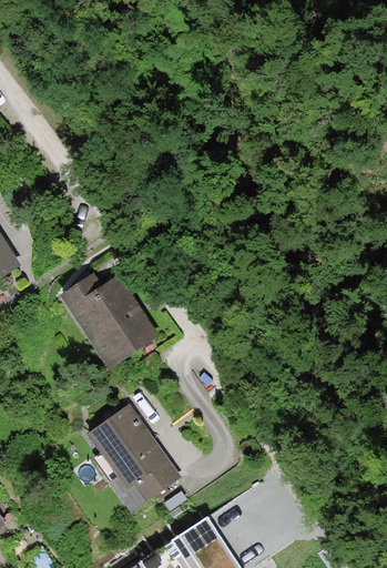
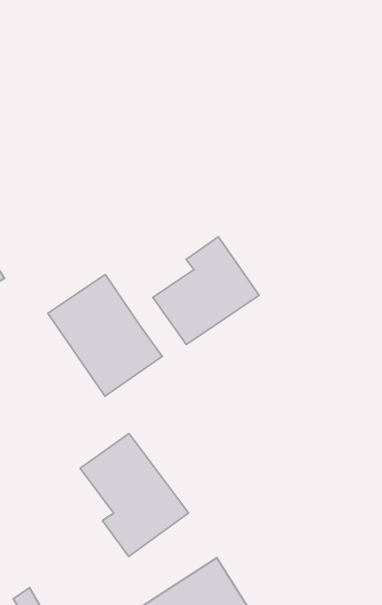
building: none -> [153,237,259,344]

